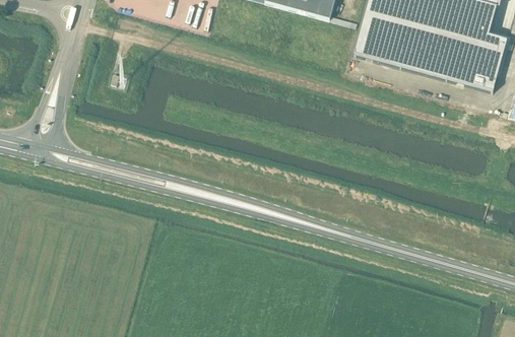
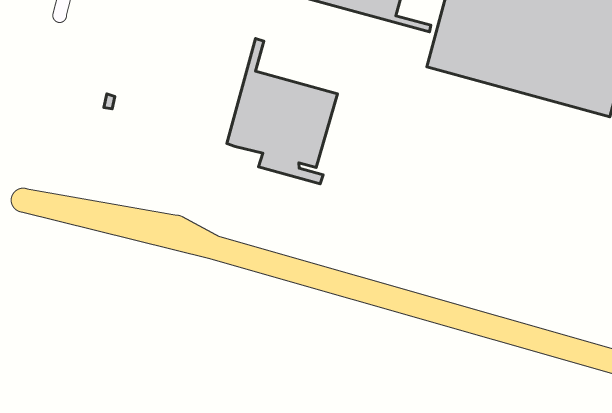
building: none -> [227,39,337,184]

